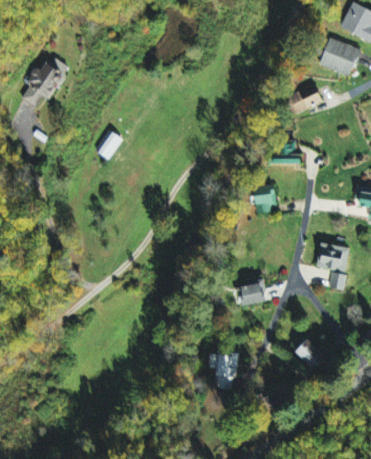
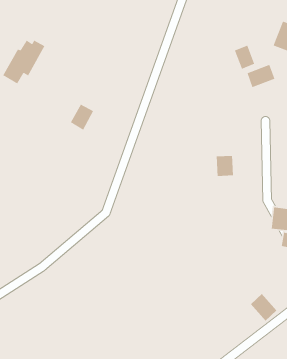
building: none -> [234,45,255,70]
building: [237,281,267,307] -> none
building: [206,351,236,390] -> none

